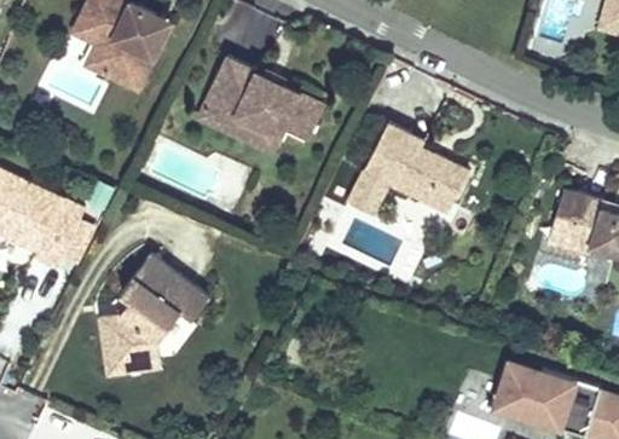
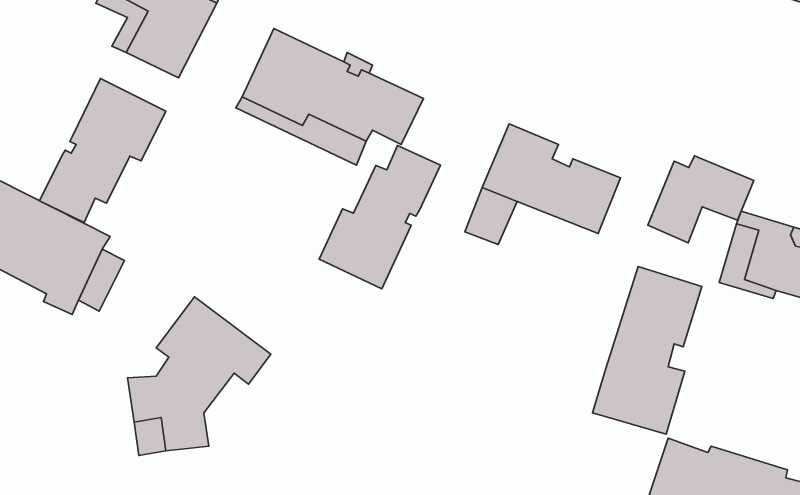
building: none -> [39,78,166,222]
building: none -> [319,146,440,289]
building: none -> [648,156,754,243]
building: none -> [592,267,702,434]

